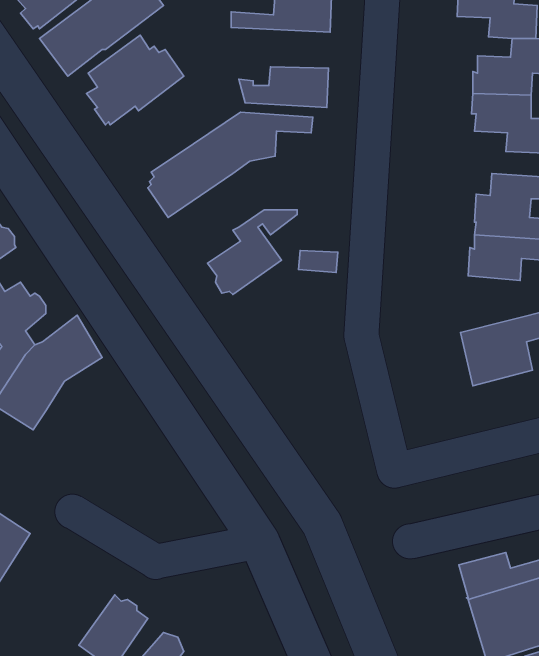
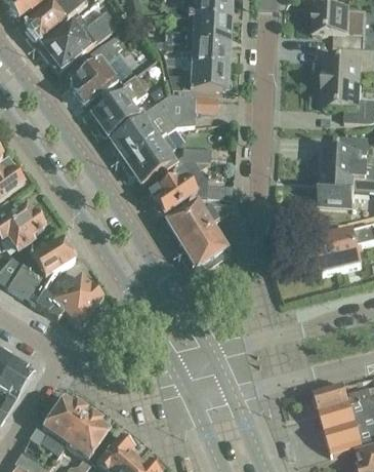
building: none -> [153,38,228,66]
building: none -> [92,74,148,135]
building: none -> [123,134,207,183]
building: none -> [166,200,231,269]
building: none -> [35,274,102,325]
building: none -> [29,395,88,442]

